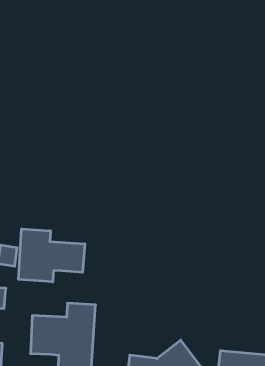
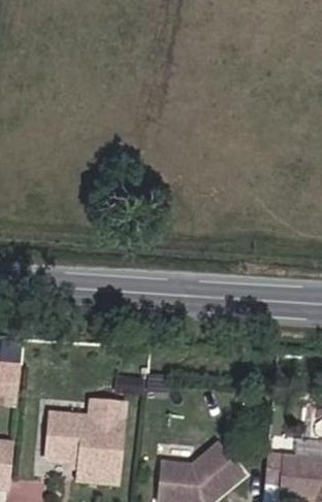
building: [19,229,85,282] -> none

